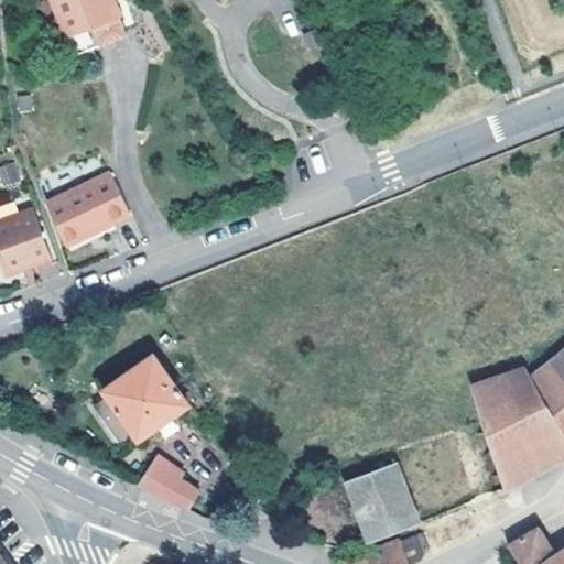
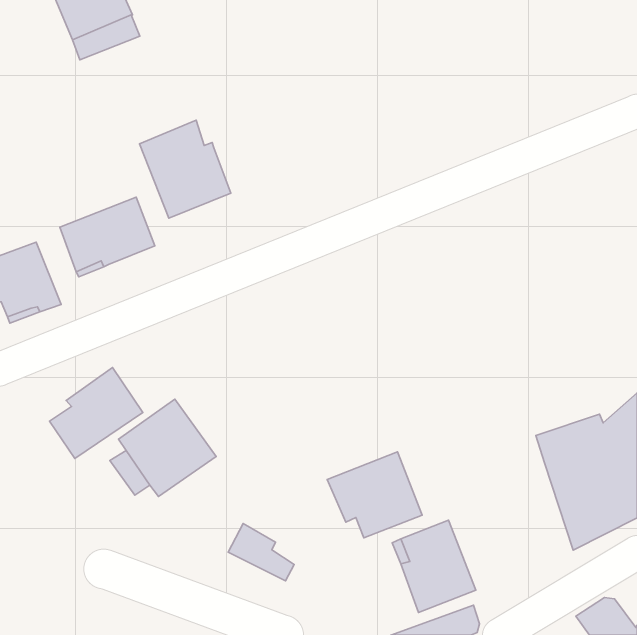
building: none -> [140,120,231,218]
building: none -> [50,367,143,459]
building: none -> [327,452,422,538]
building: [137,456,195,507] -> [228,523,294,581]

